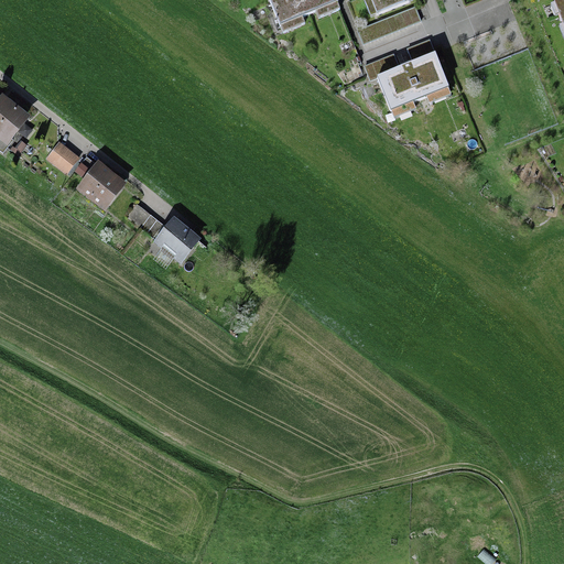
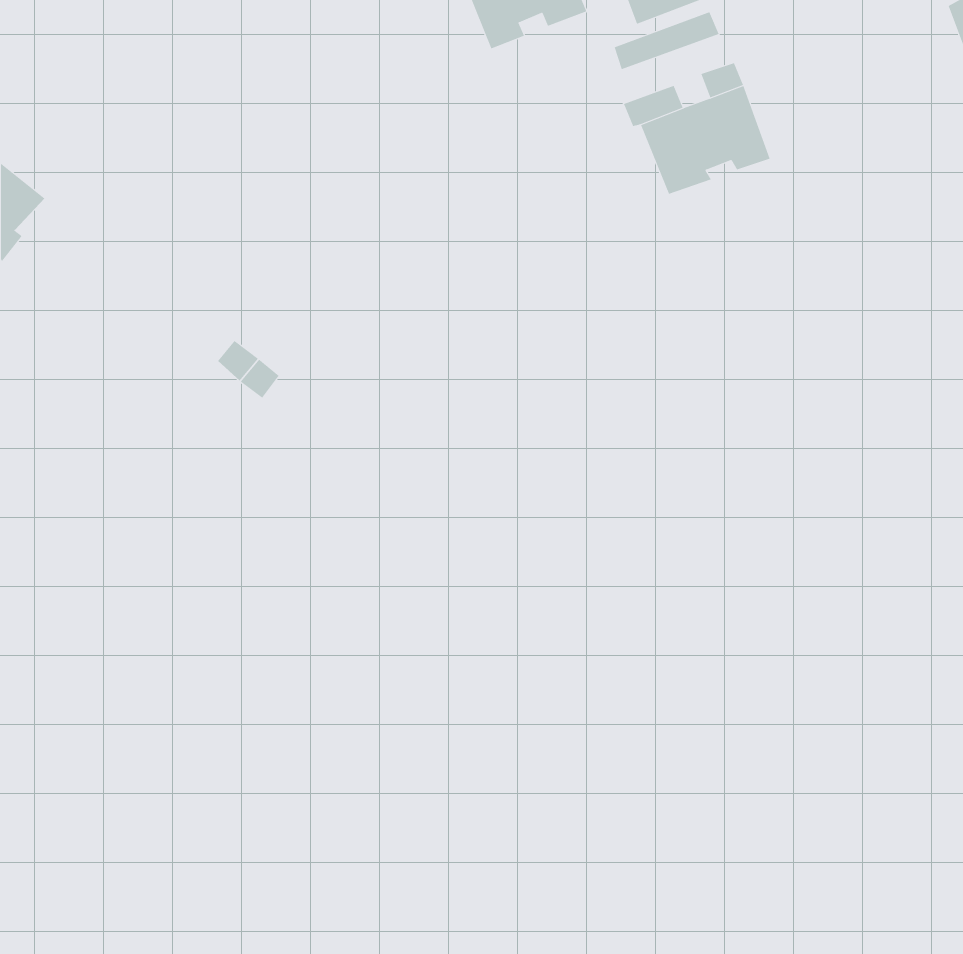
building: [46,140,82,172] -> none
building: [75,161,123,208] -> none
building: [152,218,198,264] -> none

